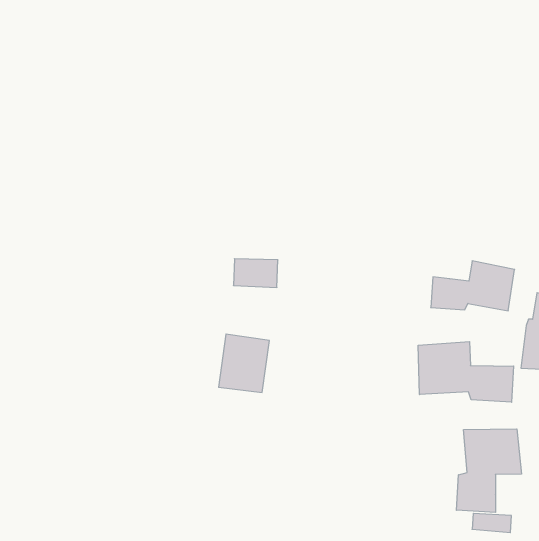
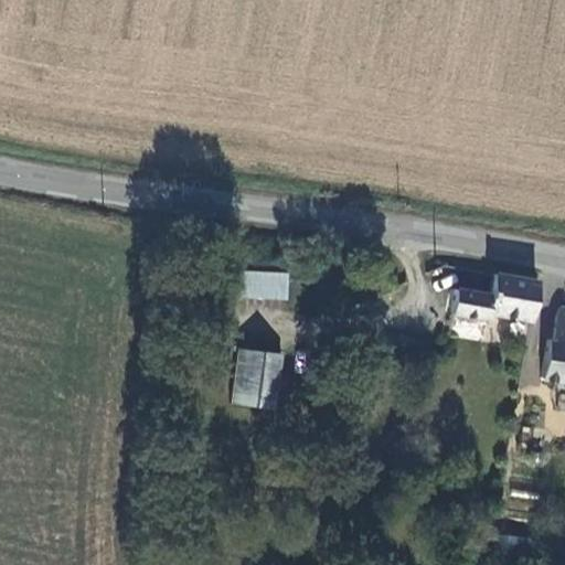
building: [418,342,514,402] -> none
building: [456,429,521,512] -> none

